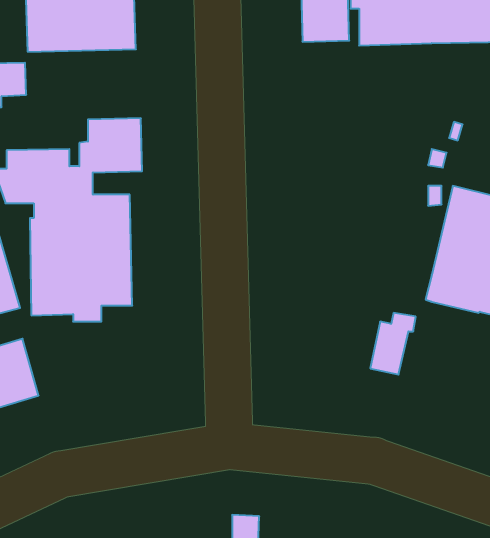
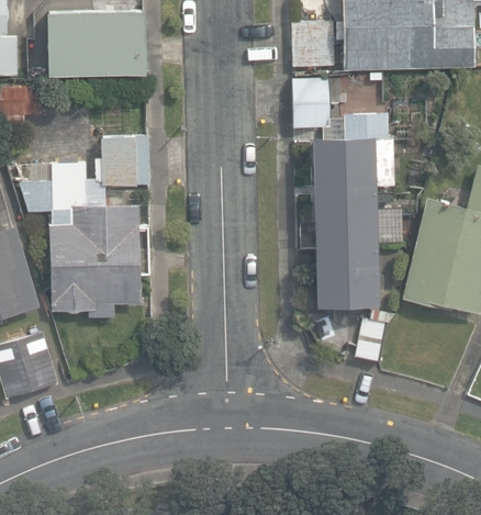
building: none -> [293,78,394,305]

